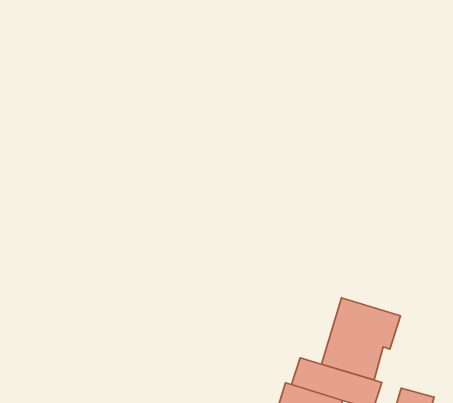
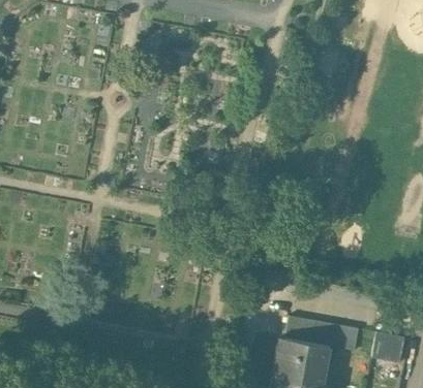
building: [321,298,400,380] -> none

